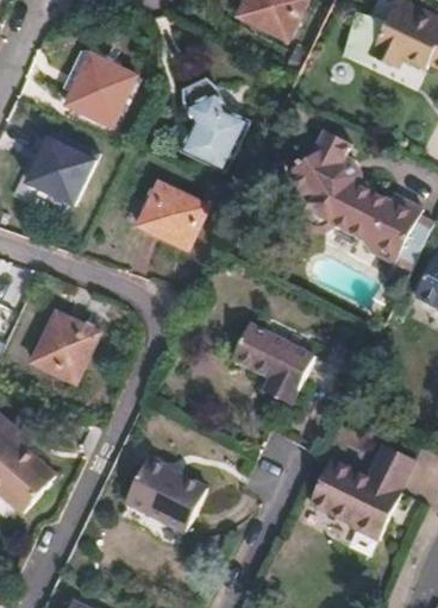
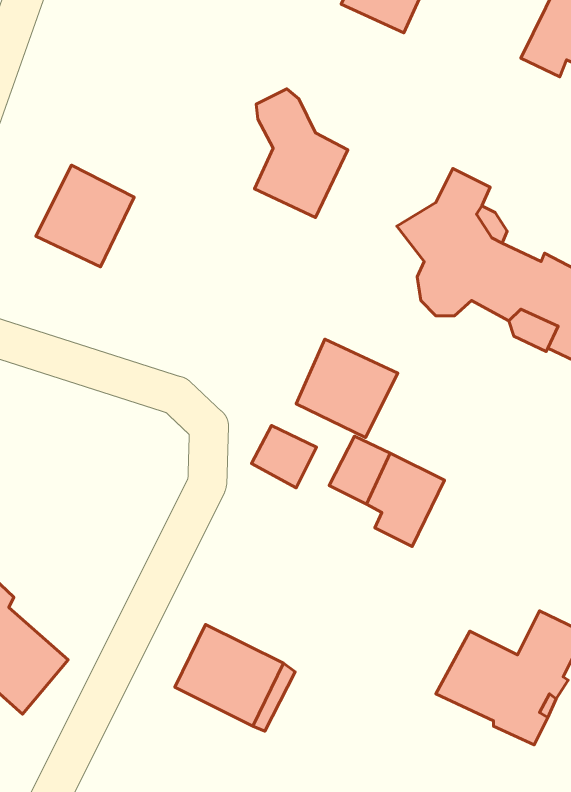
building: [67,51,136,123] -> none
building: [136,182,207,251] -> [296,339,398,438]
building: [31,313,98,383] -> none
building: none -> [252,425,317,488]

